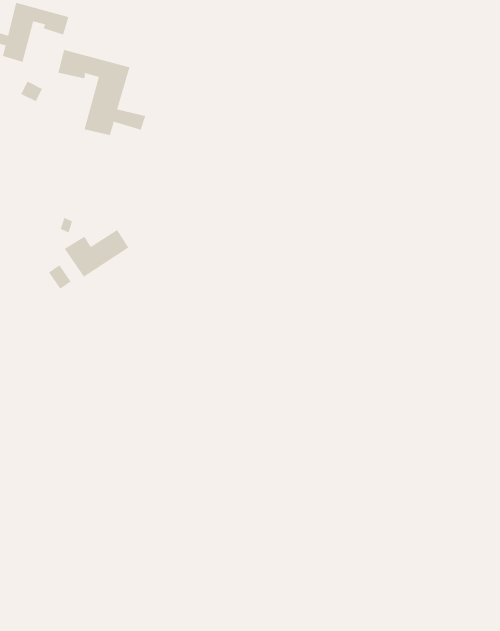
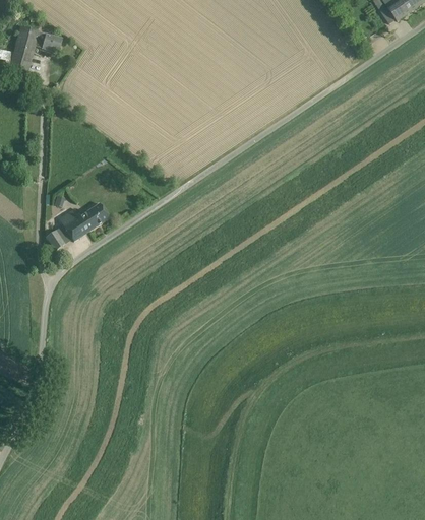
building: [58,49,146,136] -> none

